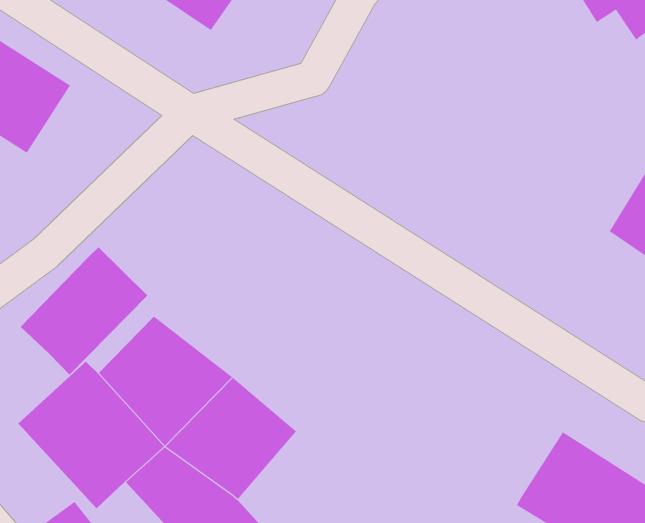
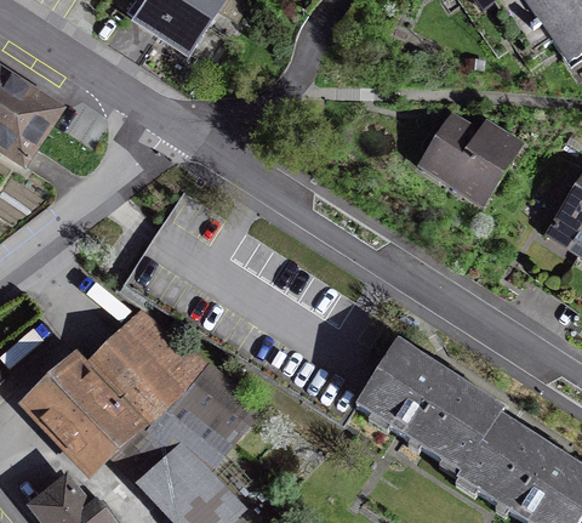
building: none -> [420,116,518,206]
building: [20,247,148,376] -> none
building: none -> [358,336,507,468]

